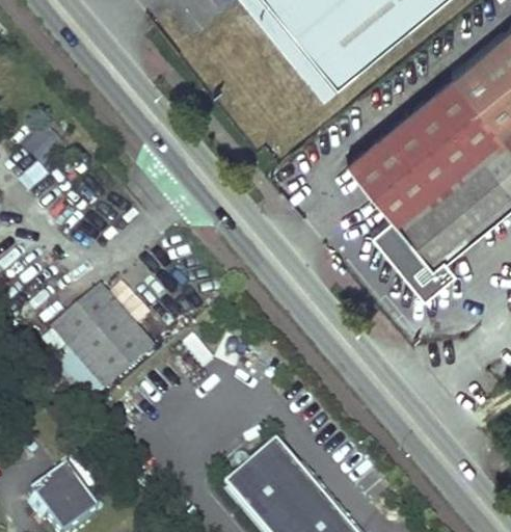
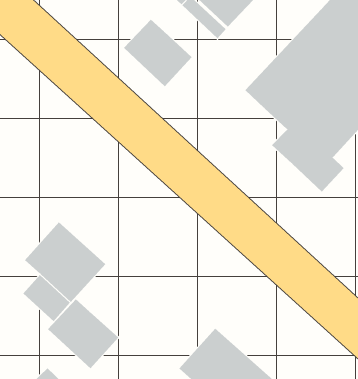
building: none -> [123,19,192,87]
building: none -> [47,298,119,369]

